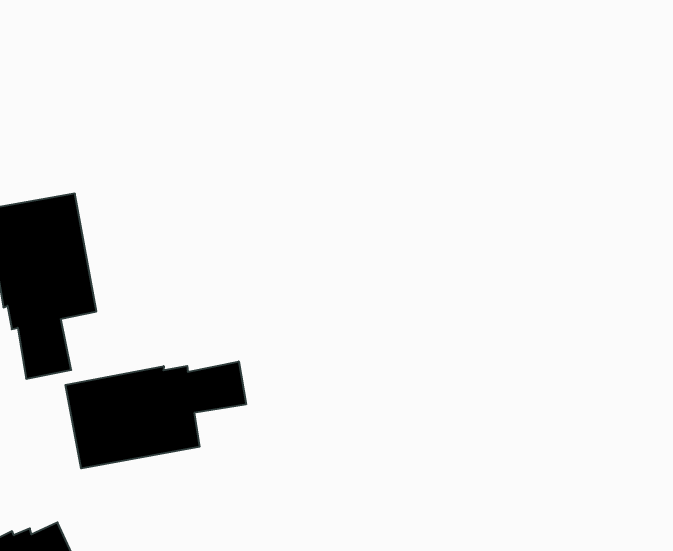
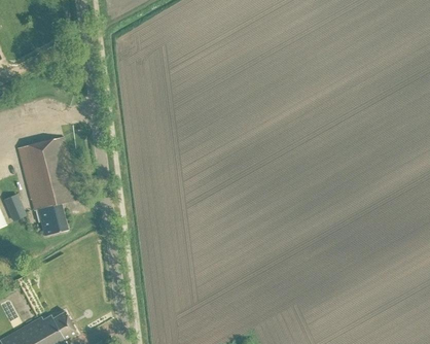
building: [65,361,246,468] -> none

